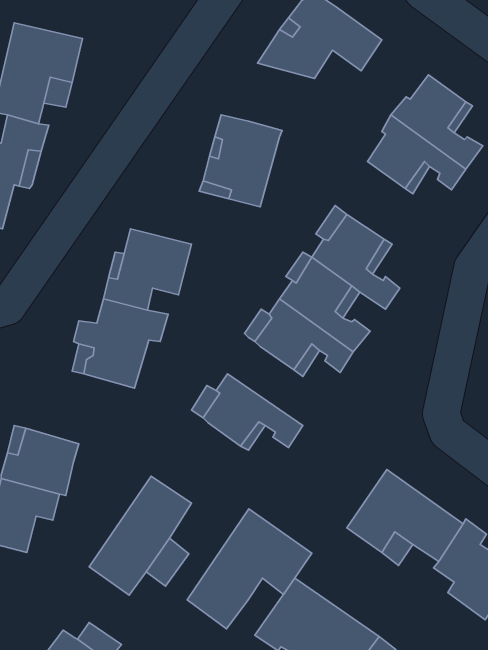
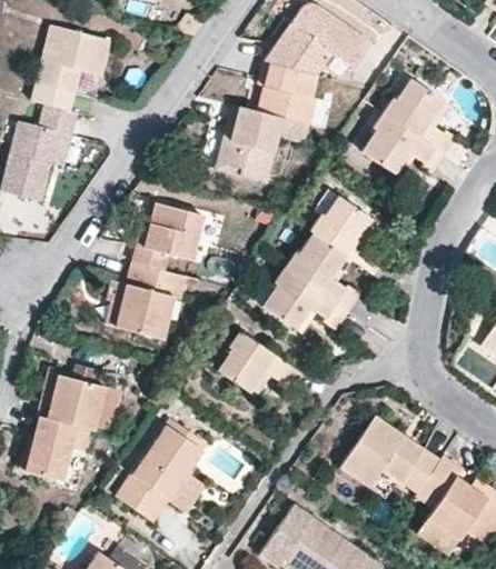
building: none -> [255,63,315,128]
building: [187,509,312,629] -> none

